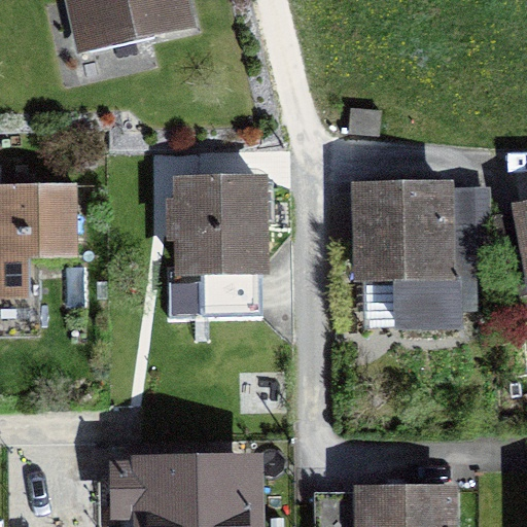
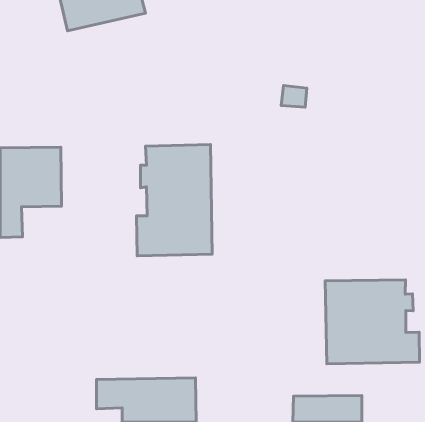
building: [358,186,473,327] -> none
building: none -> [325,280,420,364]

